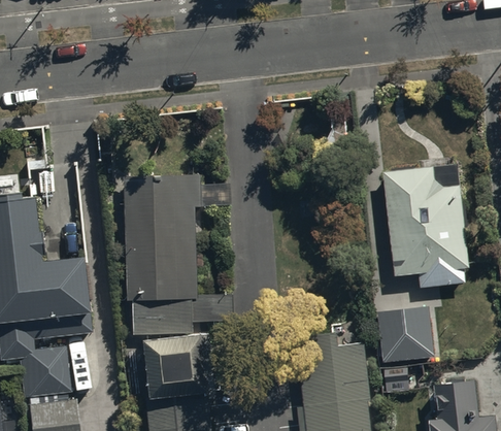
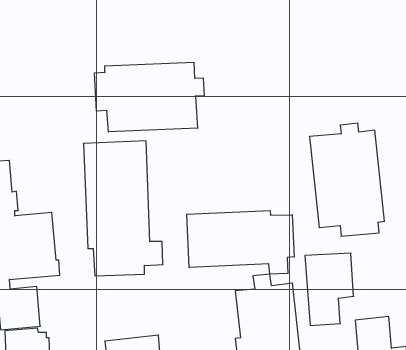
building: none -> [95,62,204,132]
building: none -> [187,211,294,274]
building: [143,336,207,402] -> none

